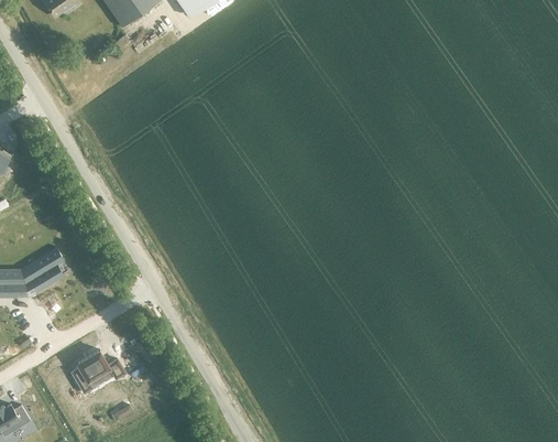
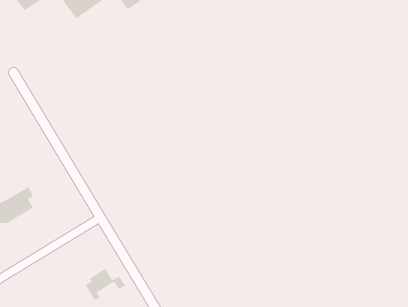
building: [70,349,124,392] -> [85,268,126,301]

